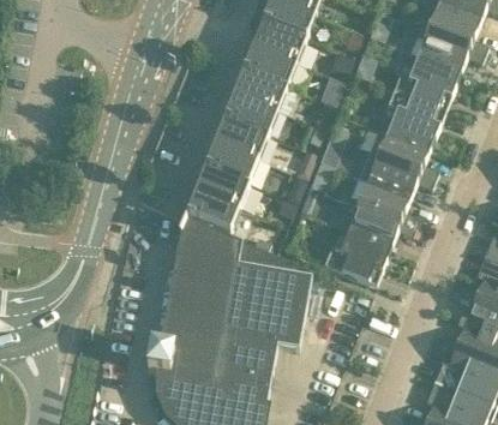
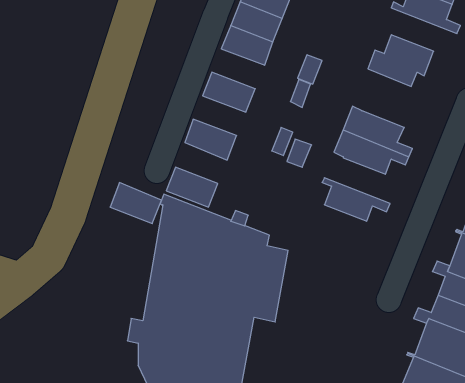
building: [413,30,481,74] -> none
building: [230,72,284,113] -> none
building: [382,92,437,152] -> none
building: [211,120,265,161] -> none
building: [193,168,246,210] -> [110,183,162,224]
building: [346,184,416,231] -> none
building: [320,232,389,286] -> none

